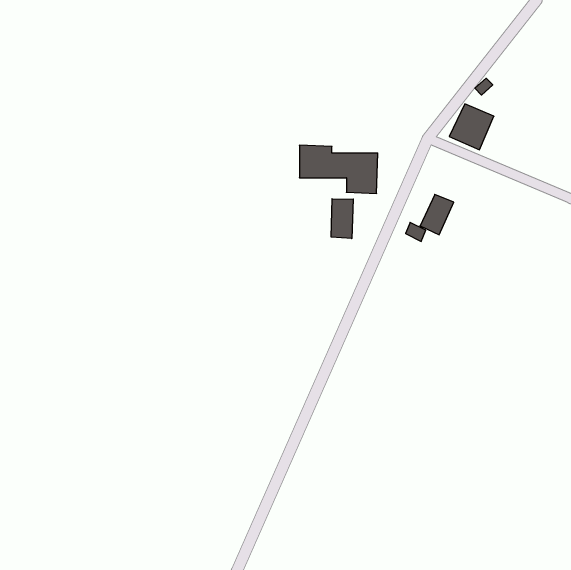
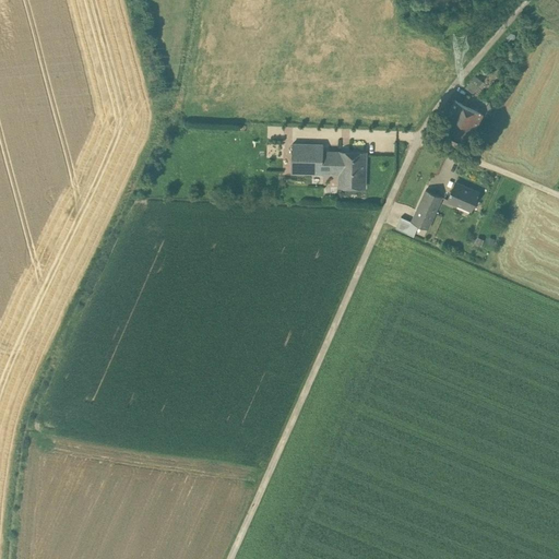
building: none -> [448,183,480,213]
building: [331,199,353,239] -> none

